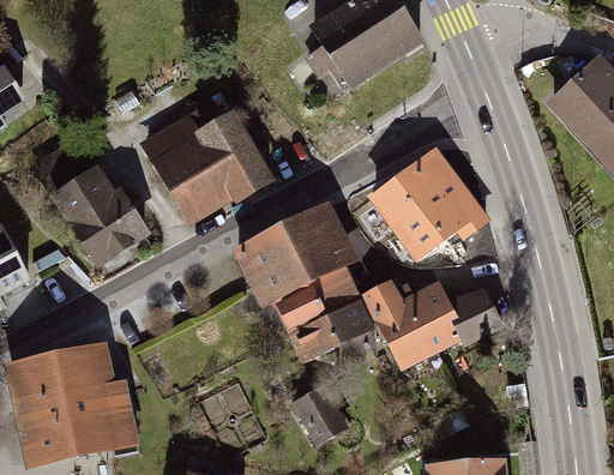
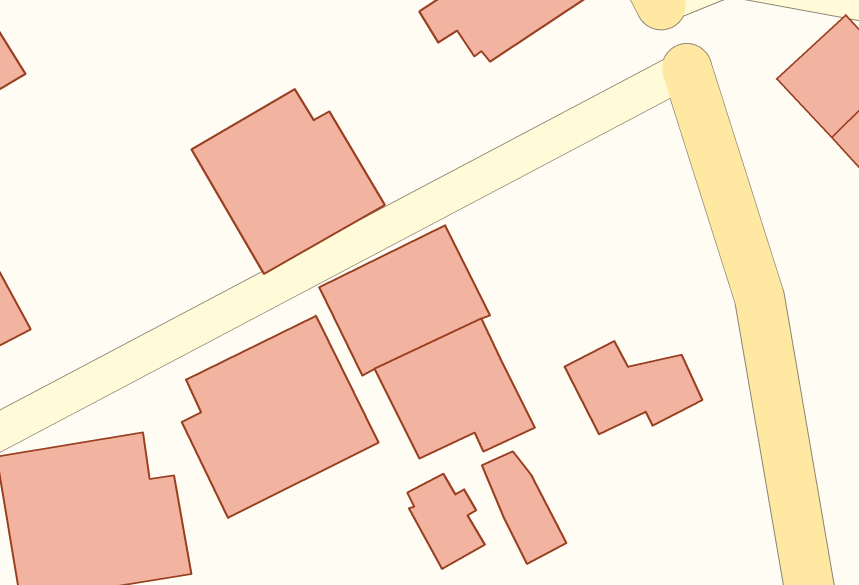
building: [36,146,151,277] -> none
building: [369,146,484,257] -> none
building: none -> [182,316,378,518]
building: [367,283,426,361] -> [482,452,566,564]

